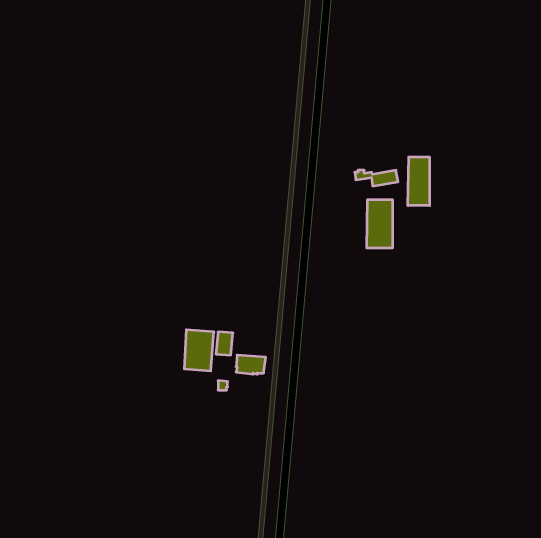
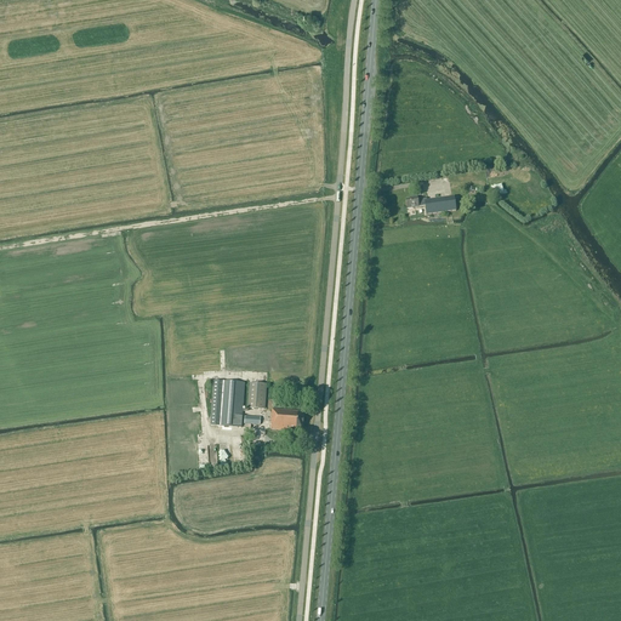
building: [408,157,430,206] -> none
building: [367,200,392,248] -> none

